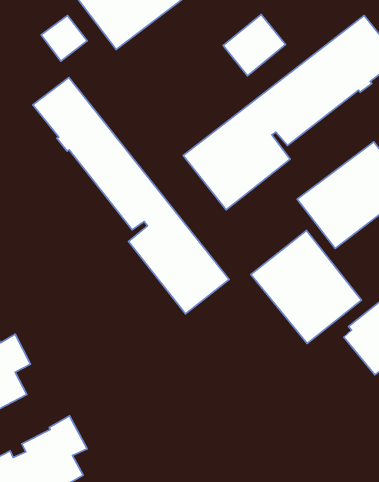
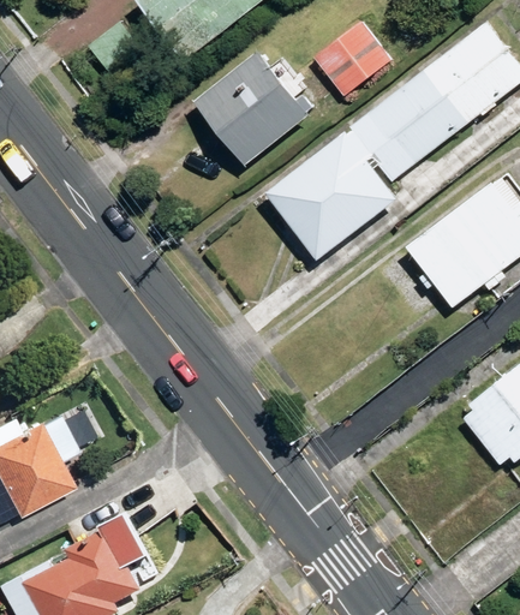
building: none -> [193,50,312,166]
building: [33,77,229,314] -> none
building: [251,230,362,343] -> none

